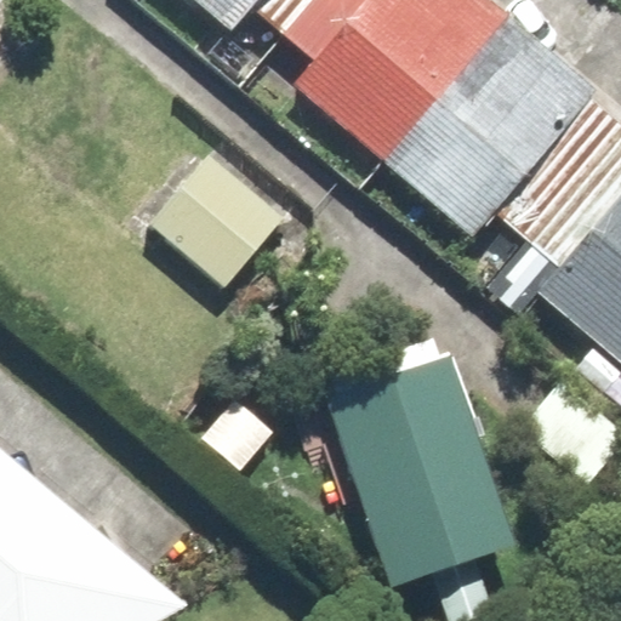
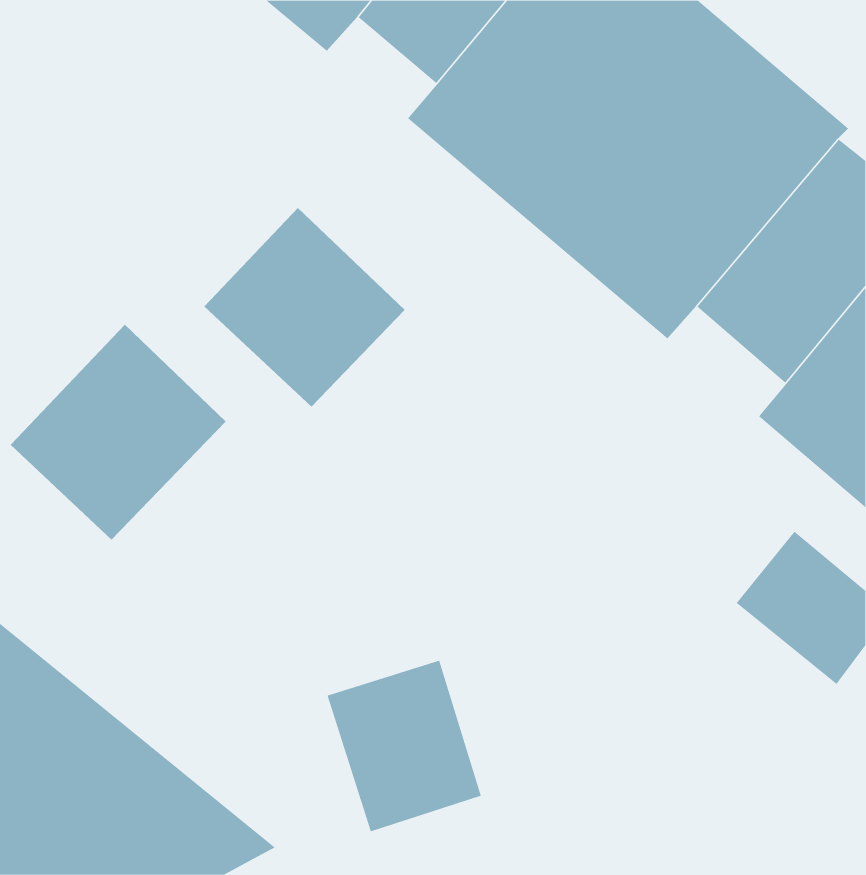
building: none -> [10,324,227,540]
building: [327,340,518,583] -> none
building: none -> [327,660,481,832]

